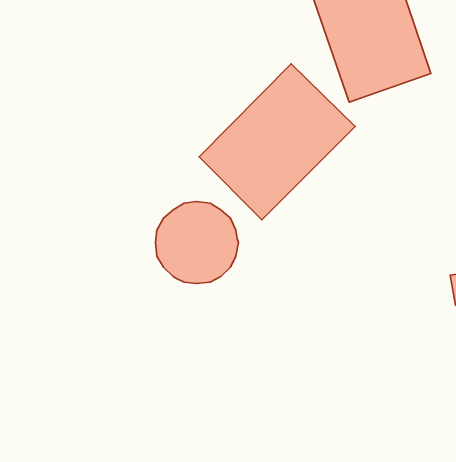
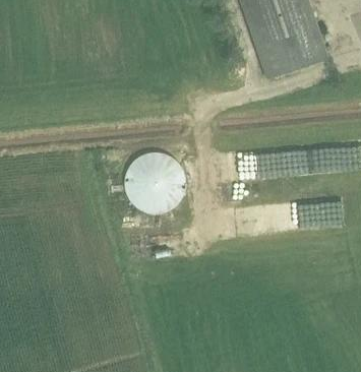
building: [199,64,355,220] -> none

